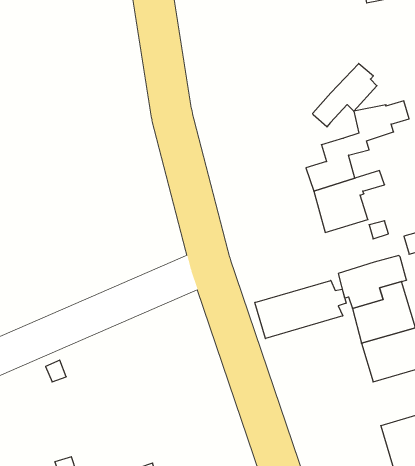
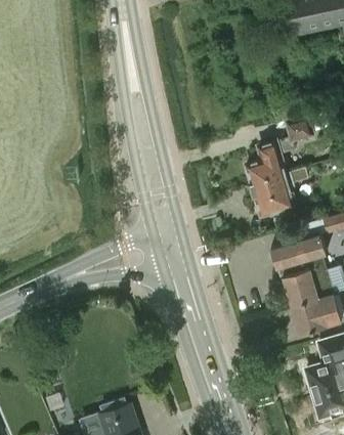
building: [313,63,377,127] -> none
building: [255,280,346,339] -> none

